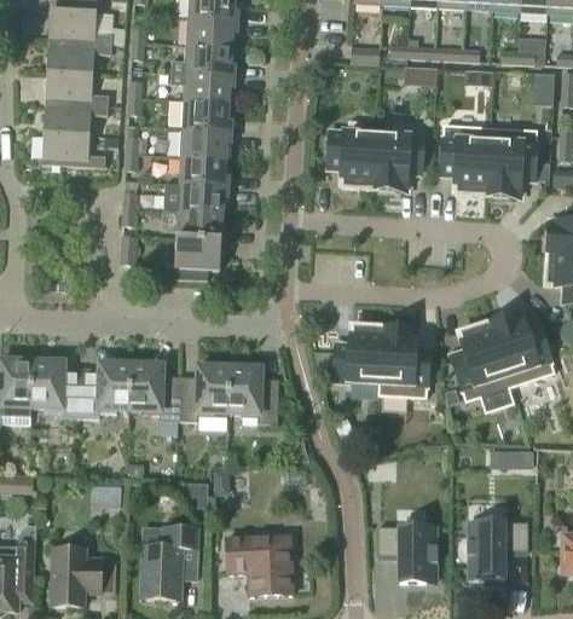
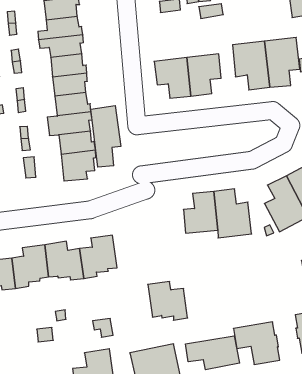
building: none -> [91,106,121,167]
building: [227,365,278,422] -> [148,282,188,320]
building: none -> [186,336,240,370]

